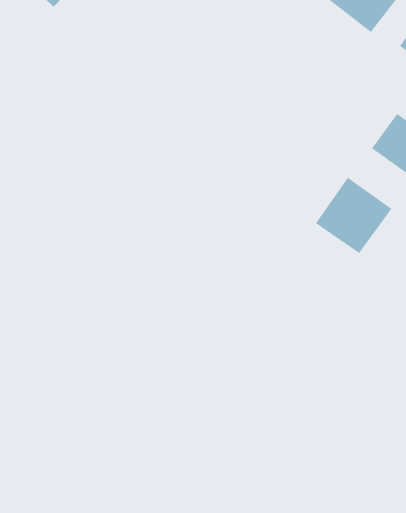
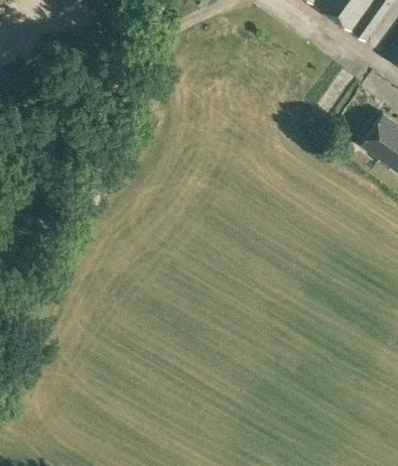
building: [315,177,392,254] -> none

